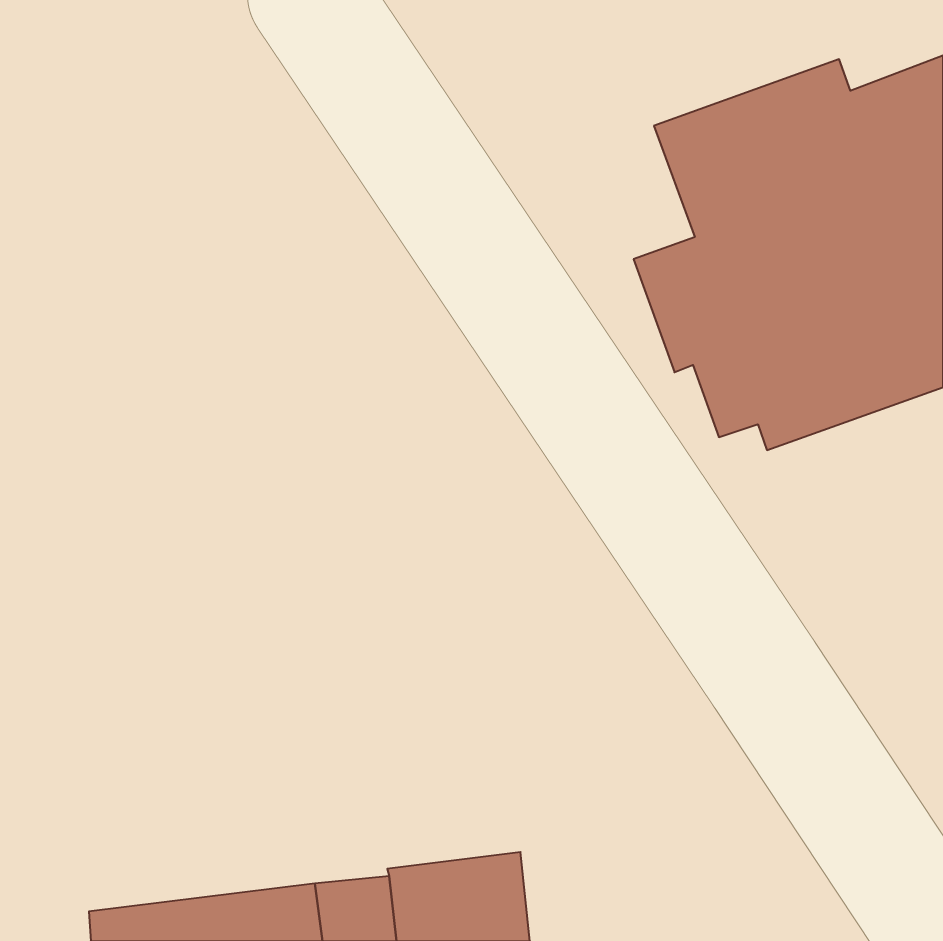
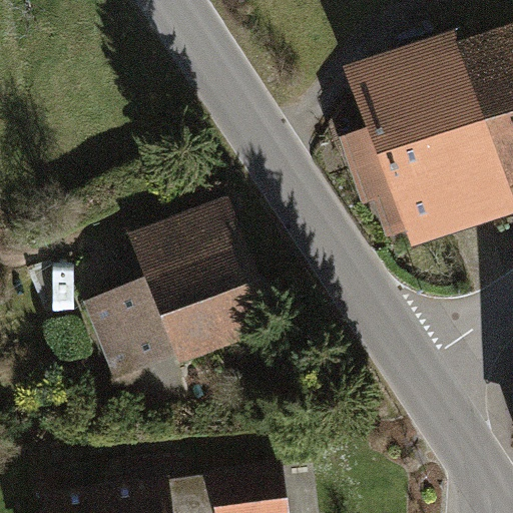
building: none -> [86,198,276,387]

